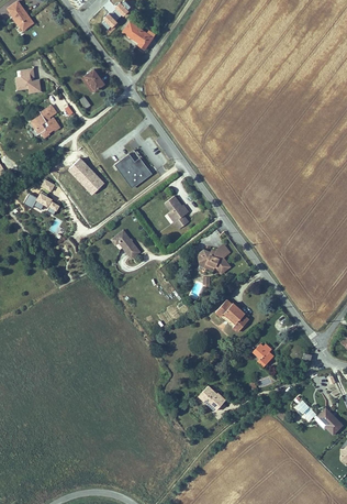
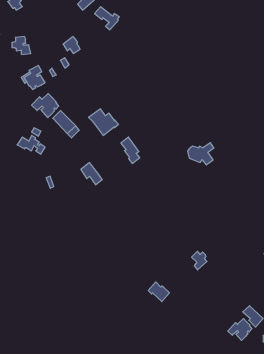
building: none -> [32,94,59,118]
building: [194,243,228,272] -> [188,143,214,165]
building: [211,298,244,330] -> none
building: none -> [228,319,252,340]

